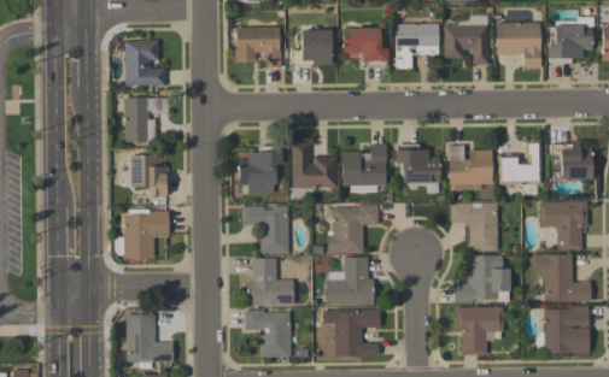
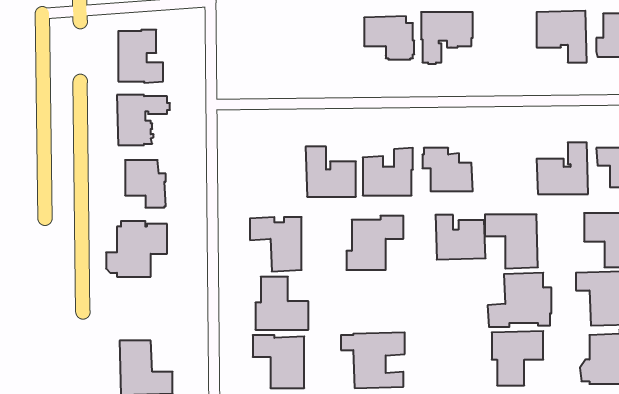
building: [445,24,490,64] -> none
building: [235,26,282,66] -> none
building: [291,29,333,65] -> none
building: [449,145,493,184] -> [435,215,486,260]
building: [239,152,283,193] -> none
building: [327,257,374,305] -> none

